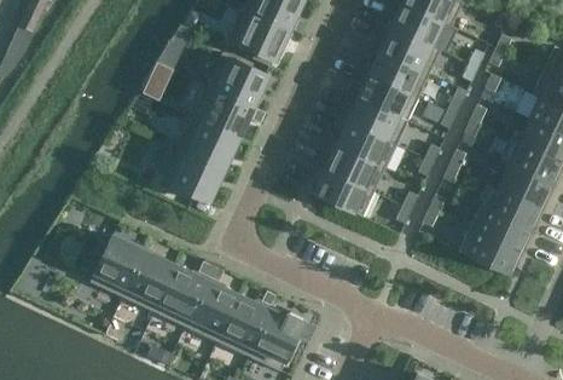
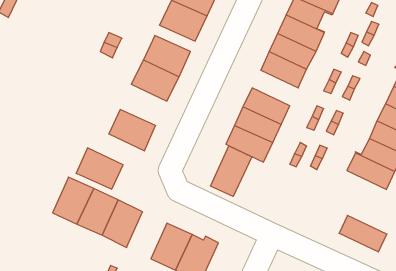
building: [348,98,407,144] -> none
building: [178,116,238,169] -> [76,148,123,189]
building: none -> [210,146,252,196]
building: [459,228,521,275] -> [339,215,387,252]
building: [186,281,238,341] -> none

